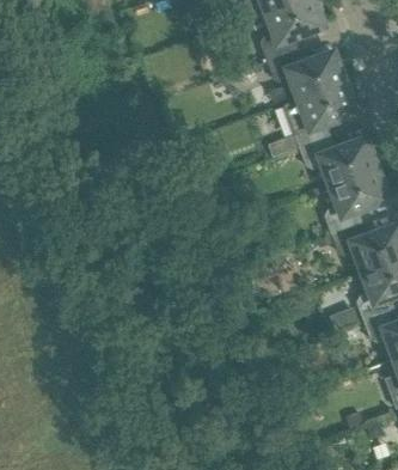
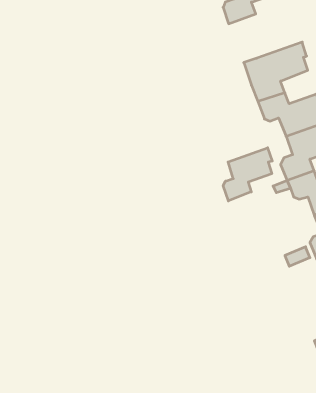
building: [267,48,348,97] -> none
building: none -> [223,148,272,201]

